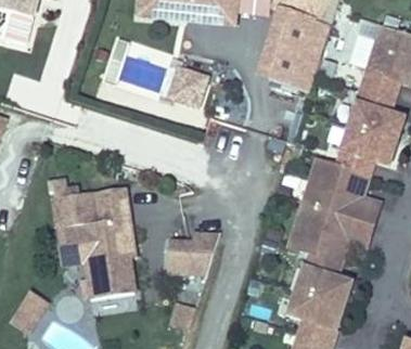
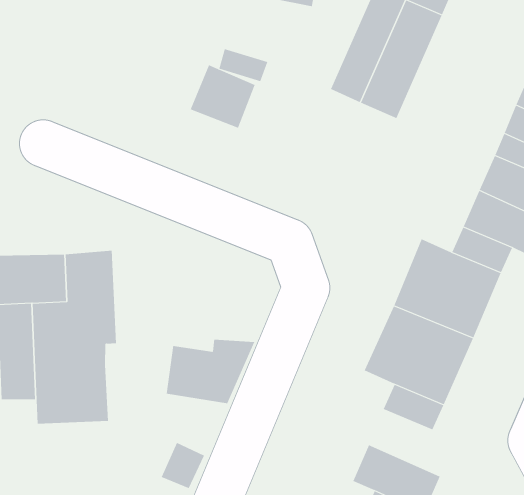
building: [298,267,352,305] -> none

